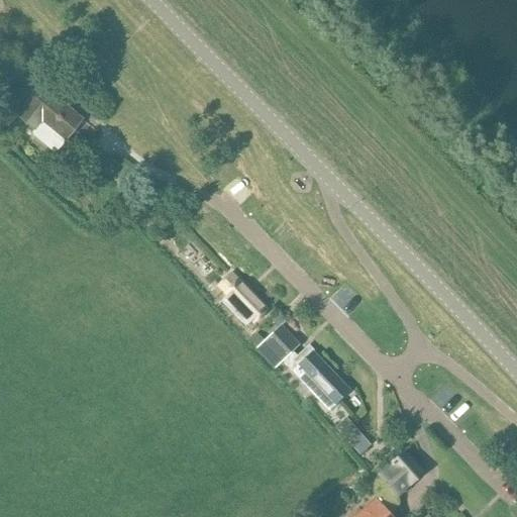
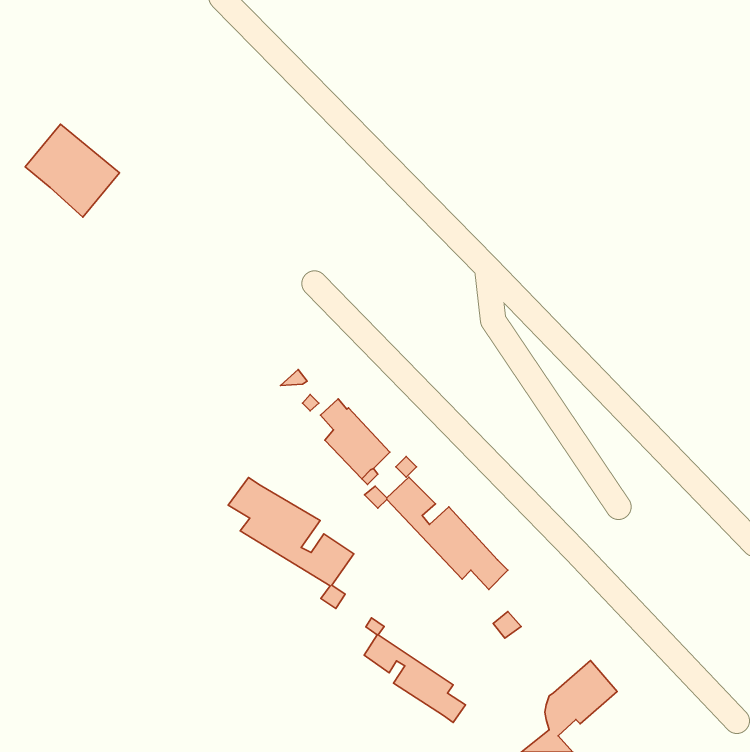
building: none -> [228,478,354,609]
building: none -> [364,618,465,722]

